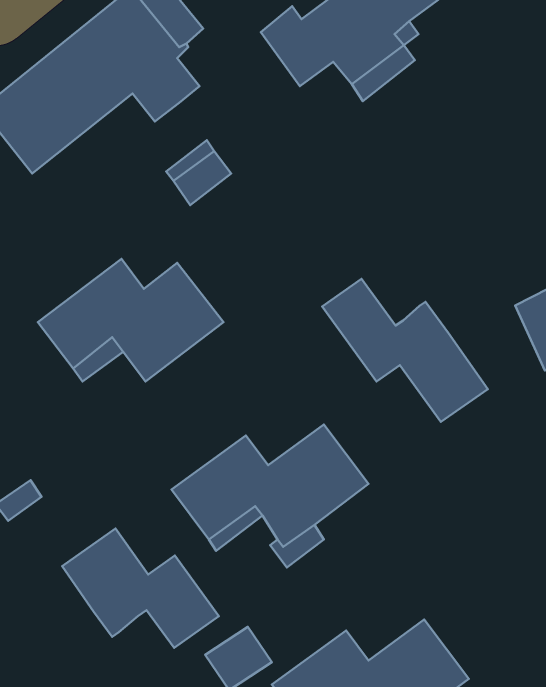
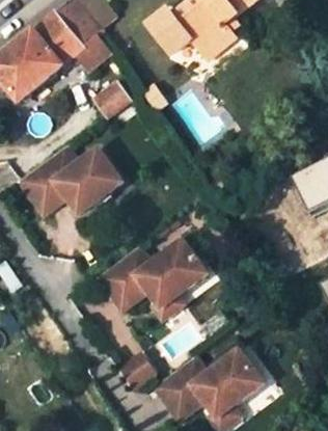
building: [322,279,488,422] -> none
building: [62,529,219,648] -> none

